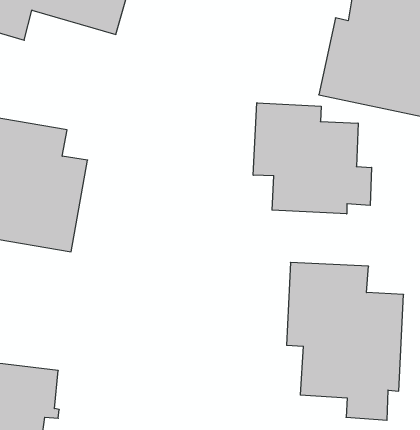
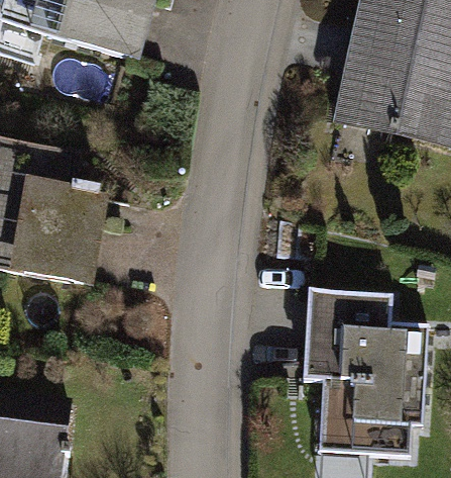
building: [253,103,372,214] -> none

